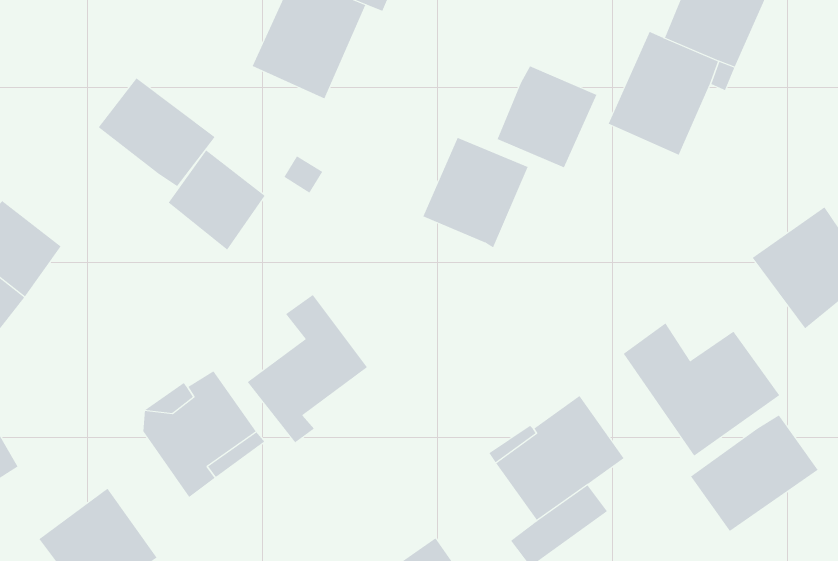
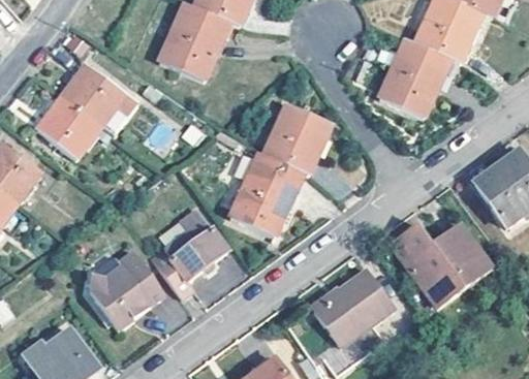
building: [497,65,597,168] -> none
building: [168,150,266,250] -> [39,98,100,161]
building: none -> [234,151,305,236]
building: [690,414,819,532] -> none

